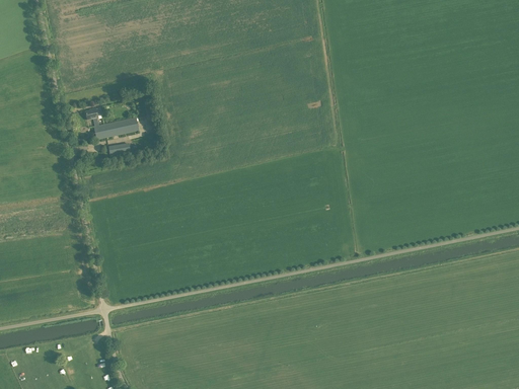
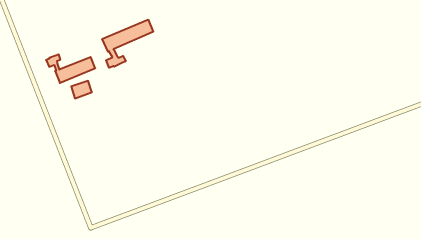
building: none -> [102,20,153,68]

